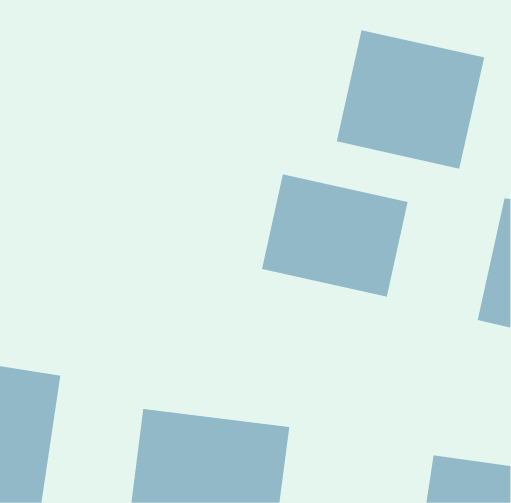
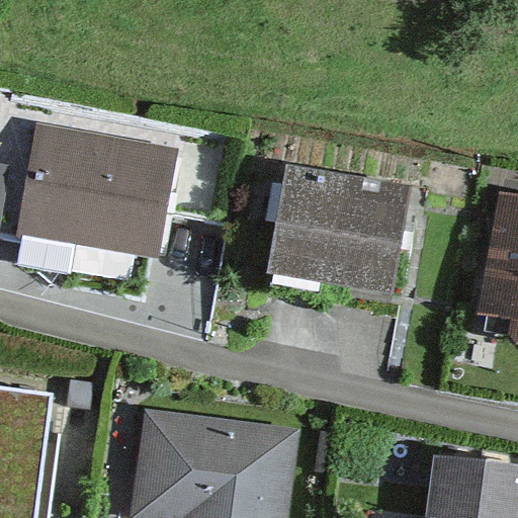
building: [336,29,485,169] -> none
building: none -> [19,123,178,255]

